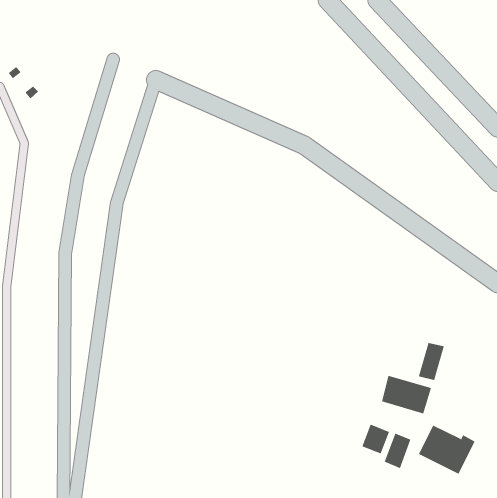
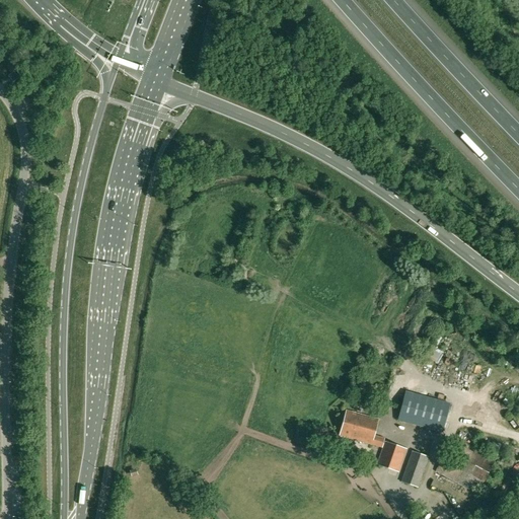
building: [418,342,445,381] -> none
building: none -> [340,411,385,447]

